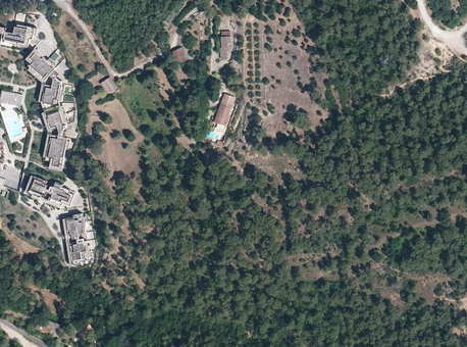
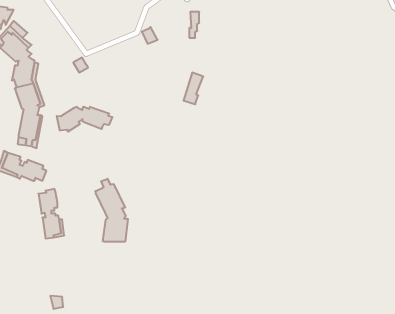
building: none -> [57,107,112,132]
building: none -> [95,179,128,242]

